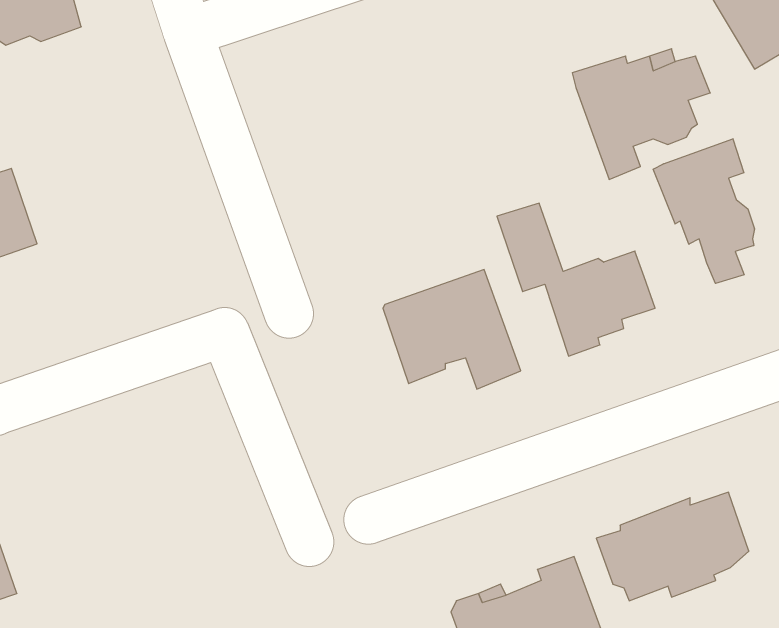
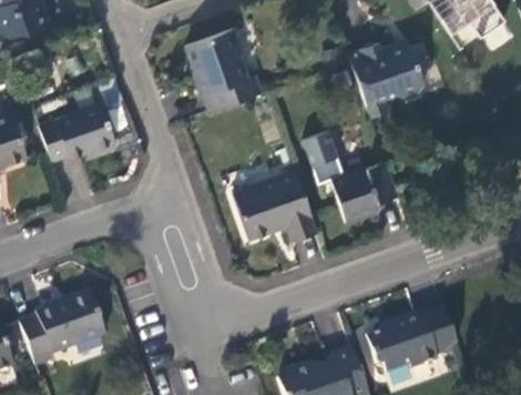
building: none -> [187,28,263,110]
building: [653,139,754,283] -> none
building: none -> [38,100,118,161]
building: none -> [21,292,104,366]

